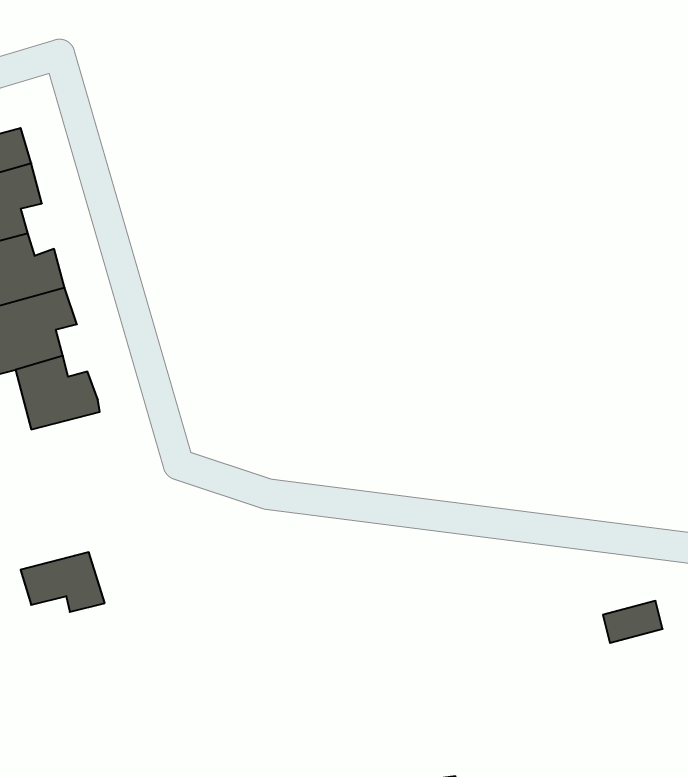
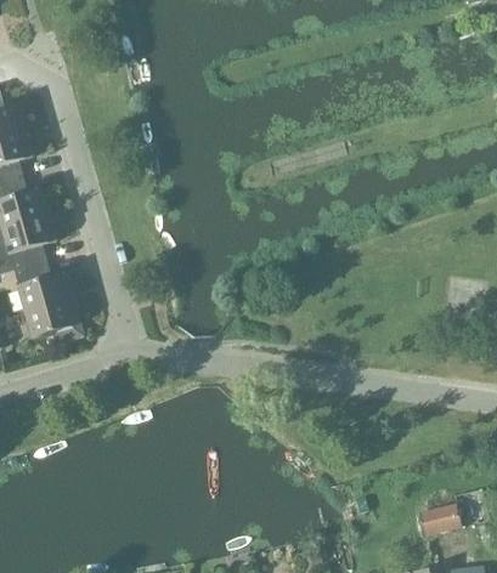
building: [21,552,105,612] -> [24,301,83,342]
building: [603,601,663,643] -> [419,505,461,534]

